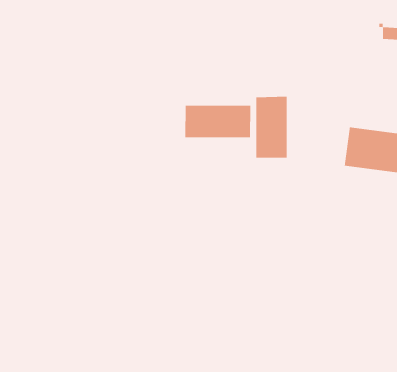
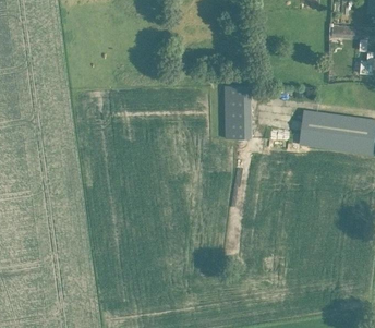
building: [185,105,251,138] -> none

